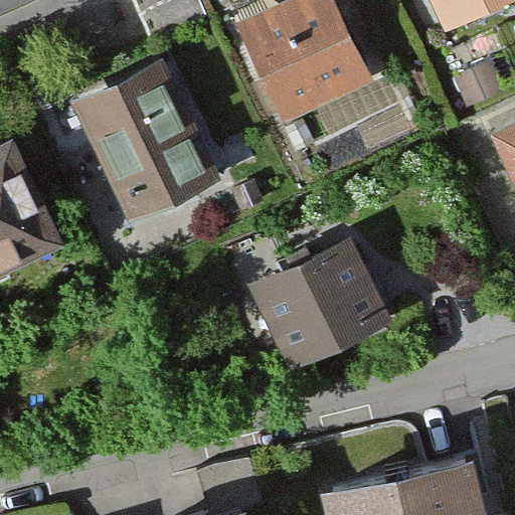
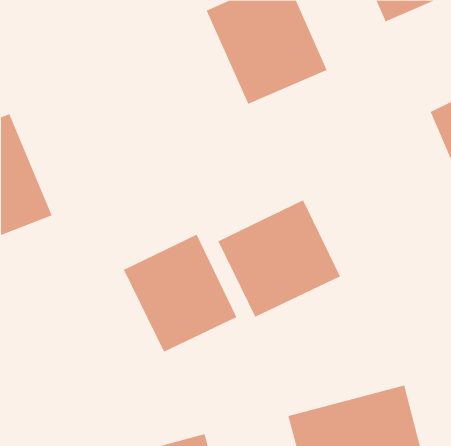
building: [62,59,224,236] -> none
building: none -> [123,234,237,353]

